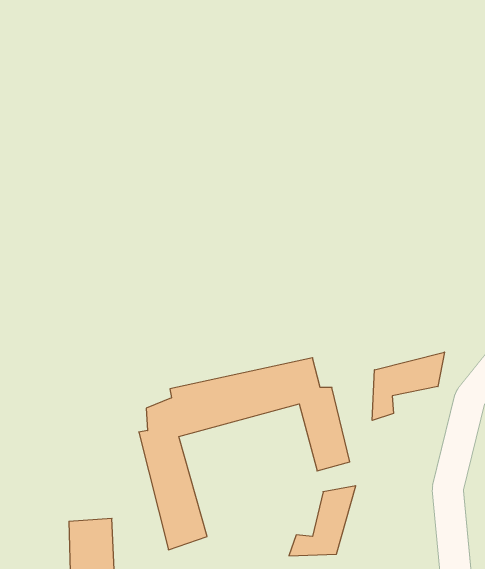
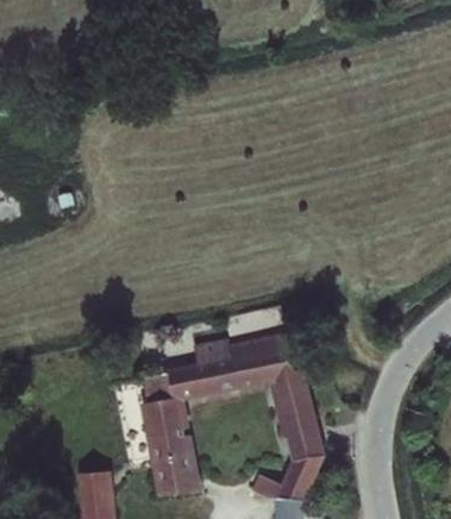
building: [372,352,444,420] -> none

